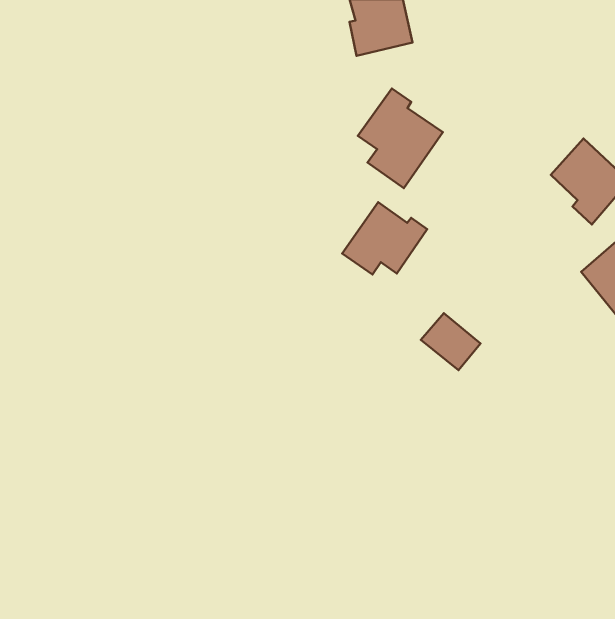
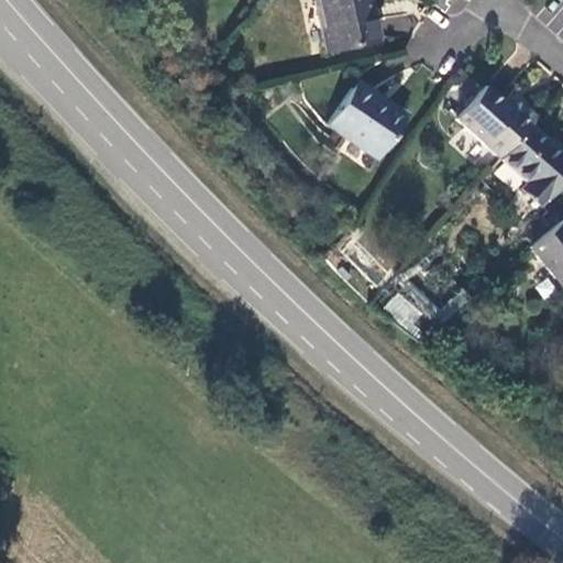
building: none -> [460,86,539,158]
building: [342,202,427,275] -> none

